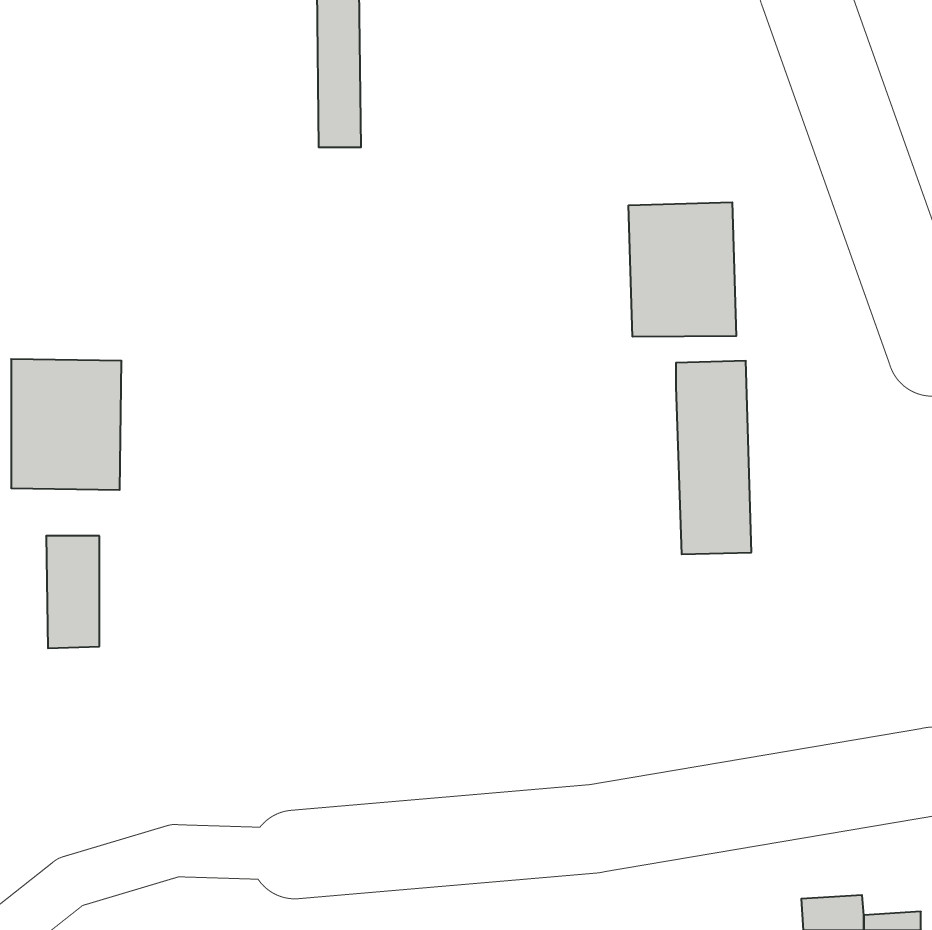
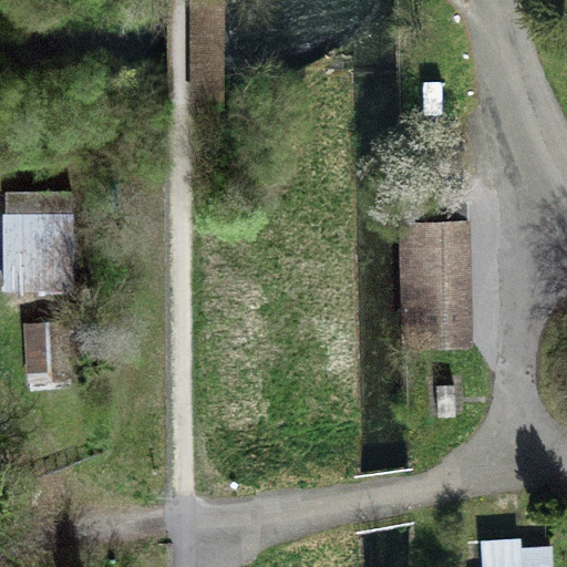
building: [629,202,736,337] -> none

